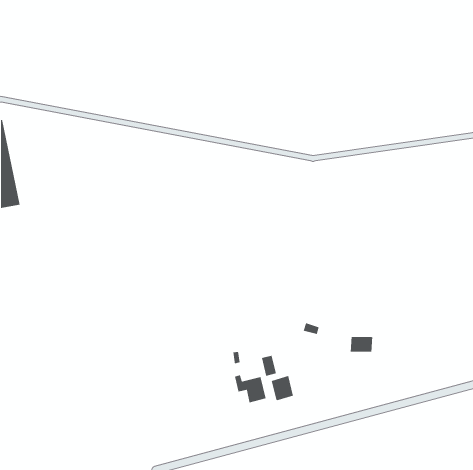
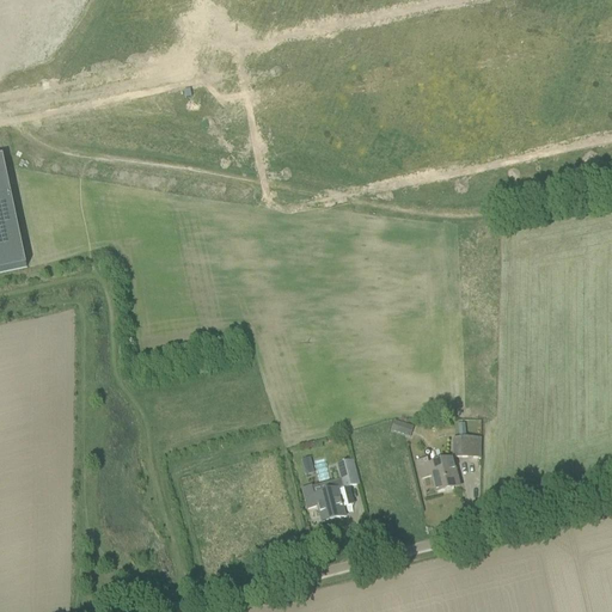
building: none -> [417,455,455,489]
building: [271,375,294,401] -> none

